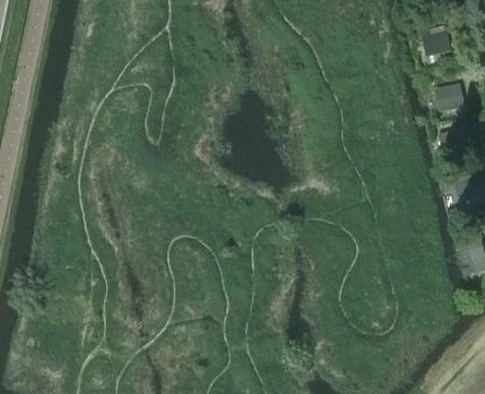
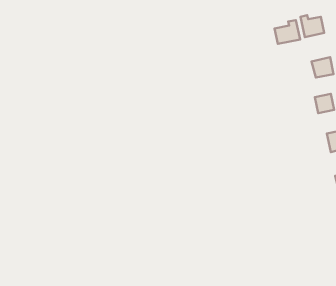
building: none -> [275,20,300,44]

